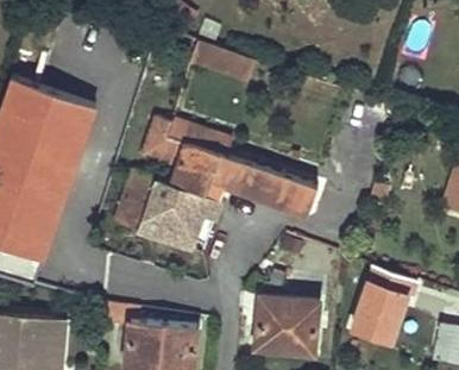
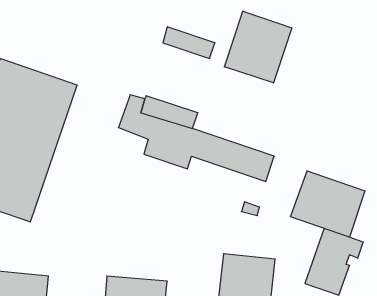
building: none -> [224,11,292,83]
building: [115,170,220,253] -> none
building: none -> [291,171,365,237]

